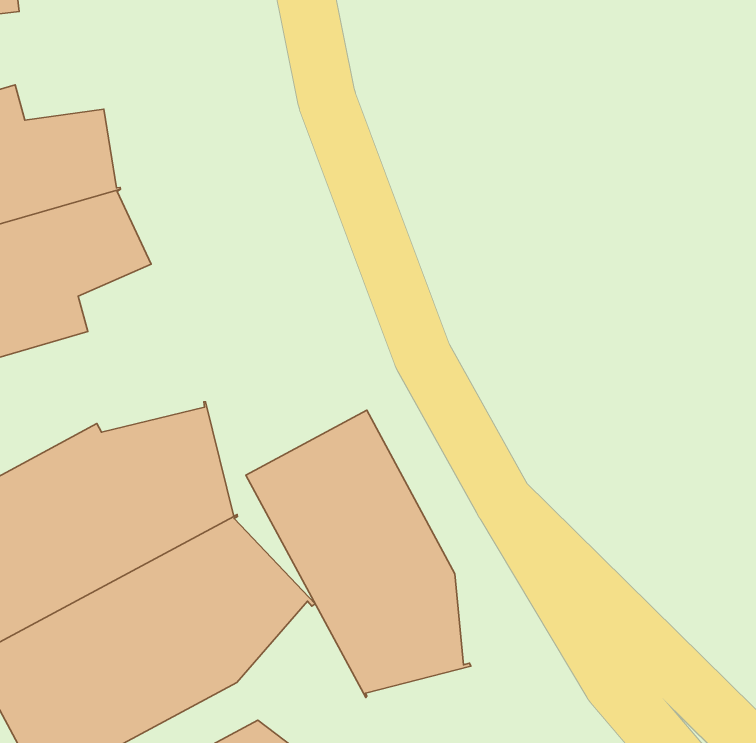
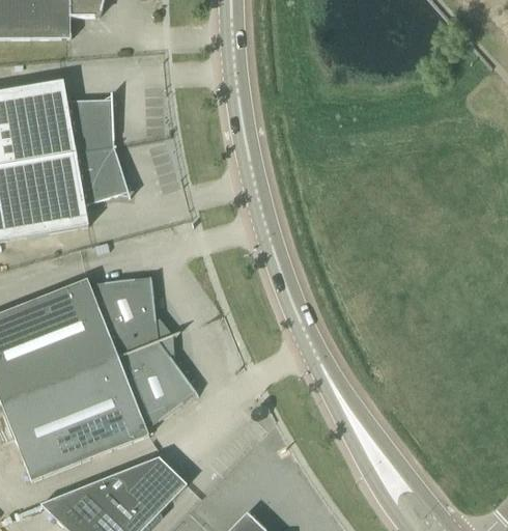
building: [246,410,471,698] -> none

